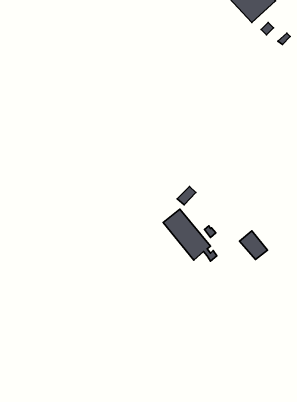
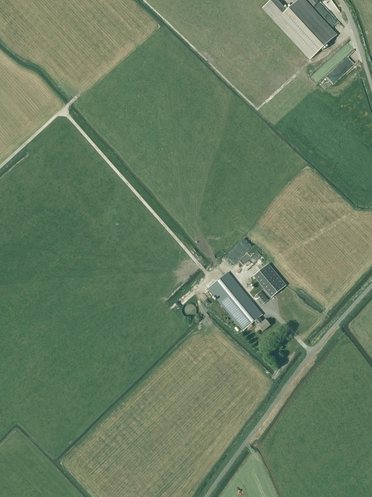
building: [240,231,268,260] -> [254,263,286,296]

